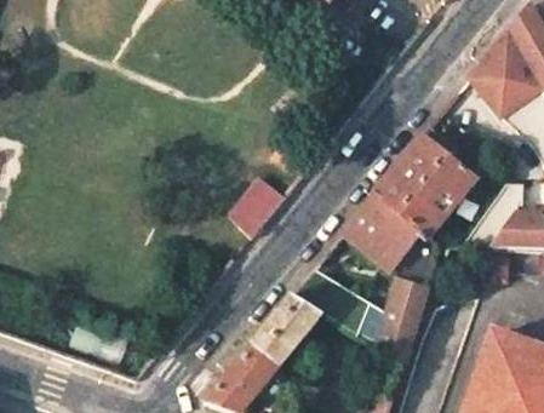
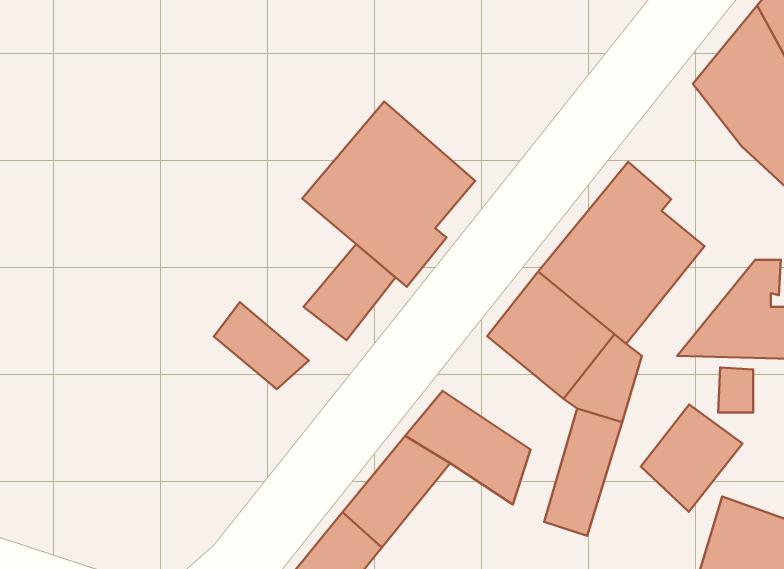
building: none -> [302,102,475,287]
building: none -> [214,302,309,389]
building: none -> [641,404,742,512]

